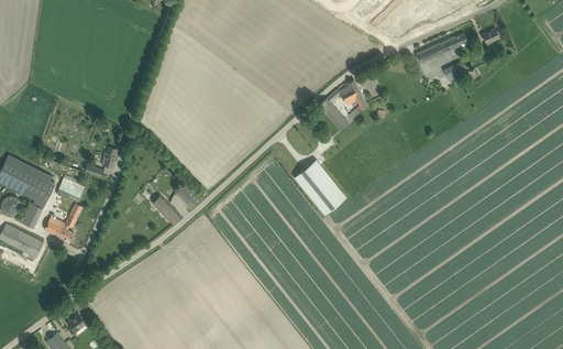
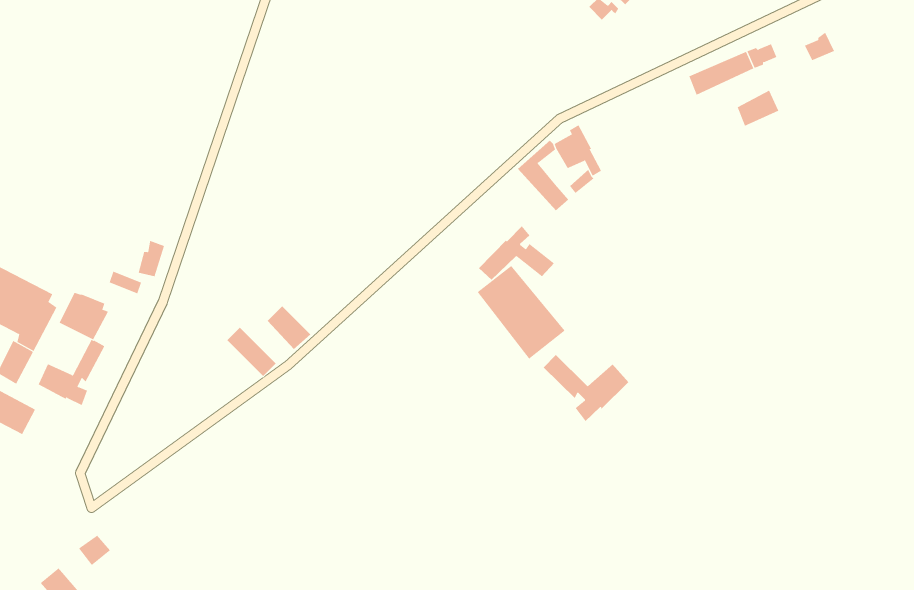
building: none -> [478,226,555,281]
building: none -> [543,354,629,422]

